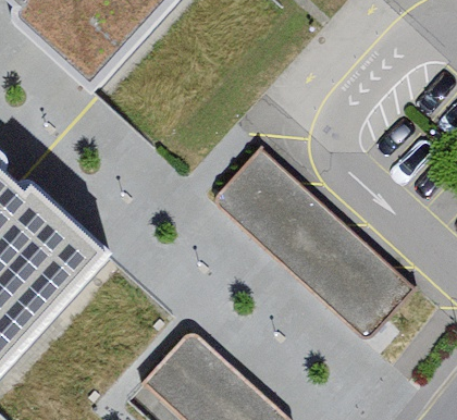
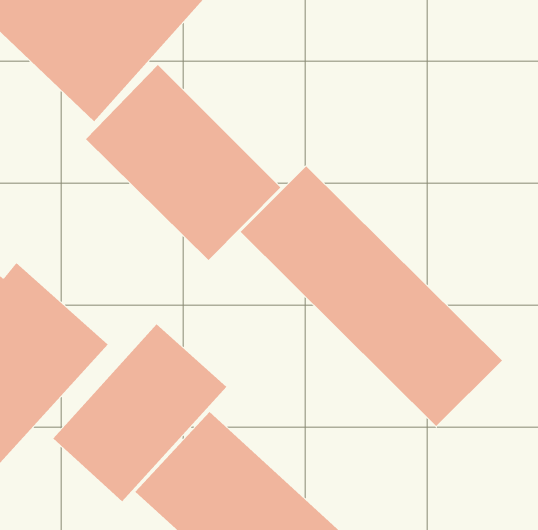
building: none -> [85,64,281,261]
building: none -> [52,323,227,502]

